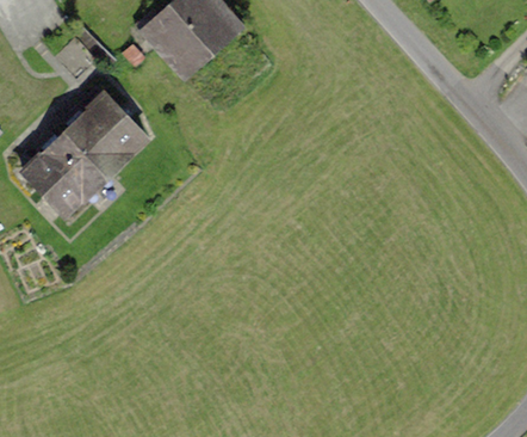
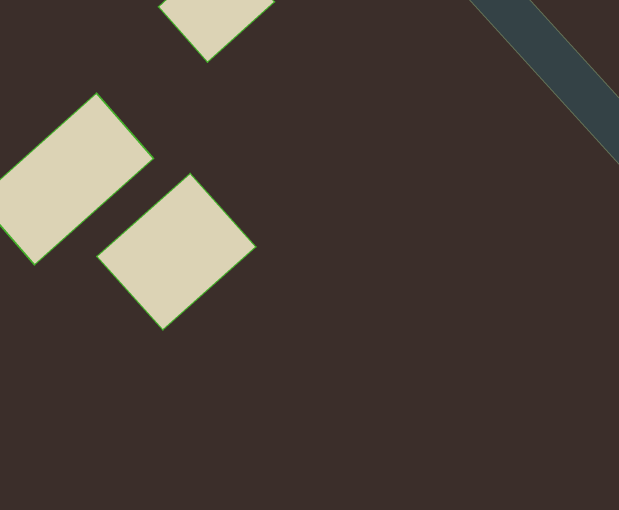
building: none -> [97,173,256,330]

